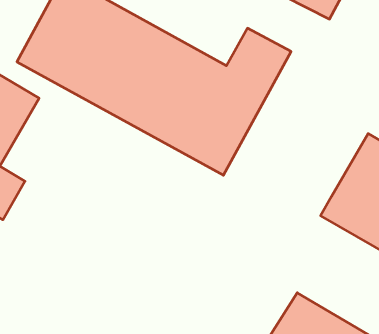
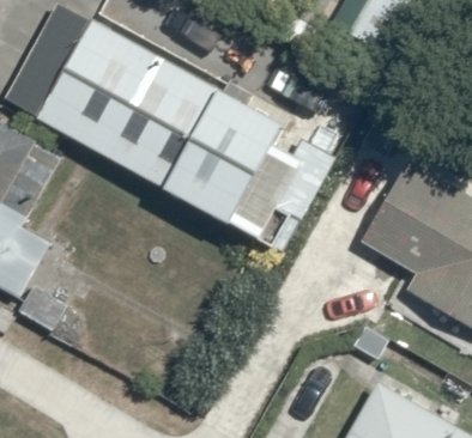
building: none -> [347,164,448,270]

